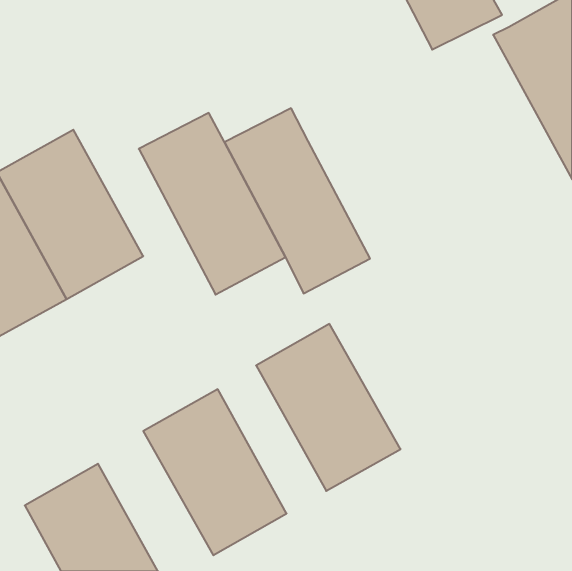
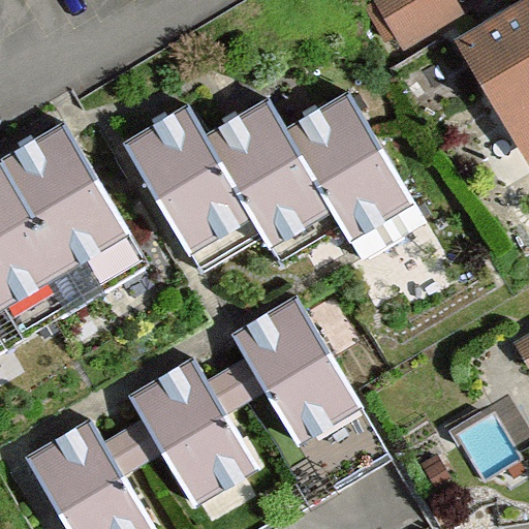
building: none -> [282,96,417,263]

